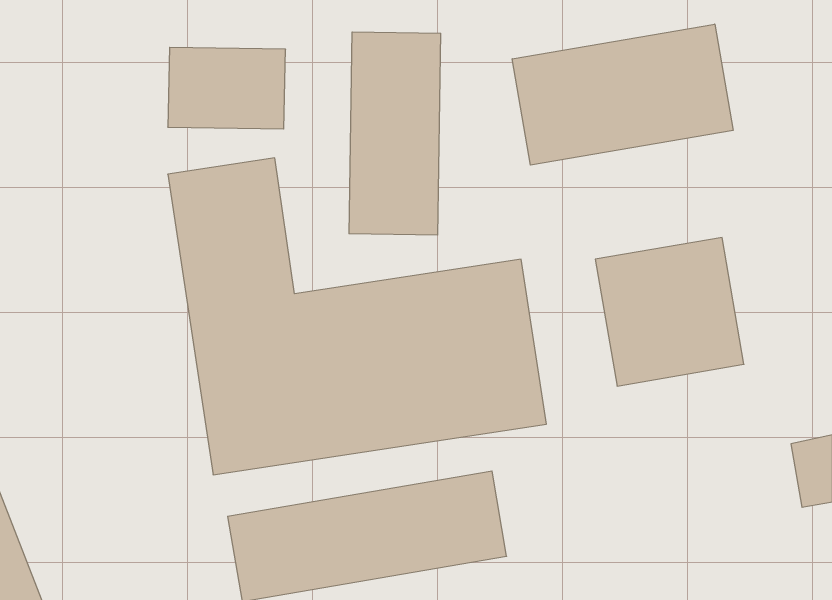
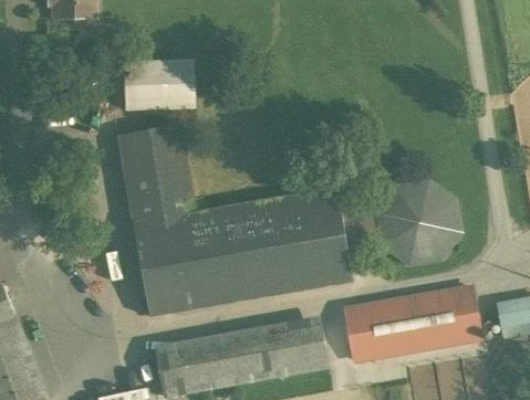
building: [512,24,733,165] -> none
building: [349,32,441,235] -> none
building: none -> [340,285,479,368]

